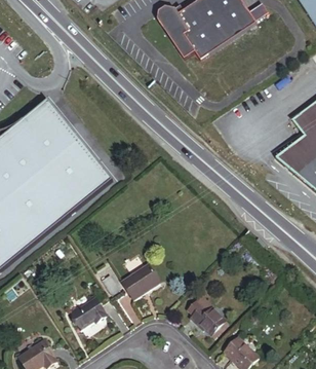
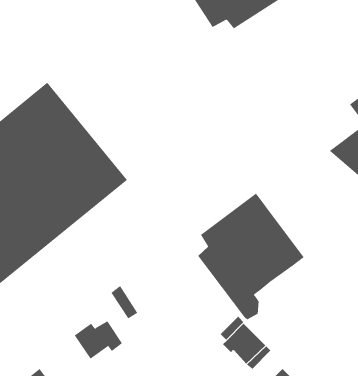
building: none -> [197,192,304,320]
building: [122,260,161,299] -> none

